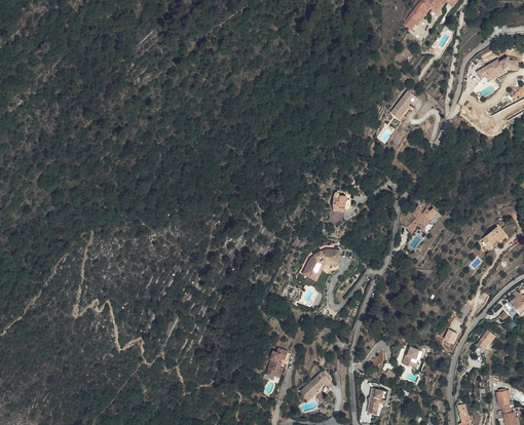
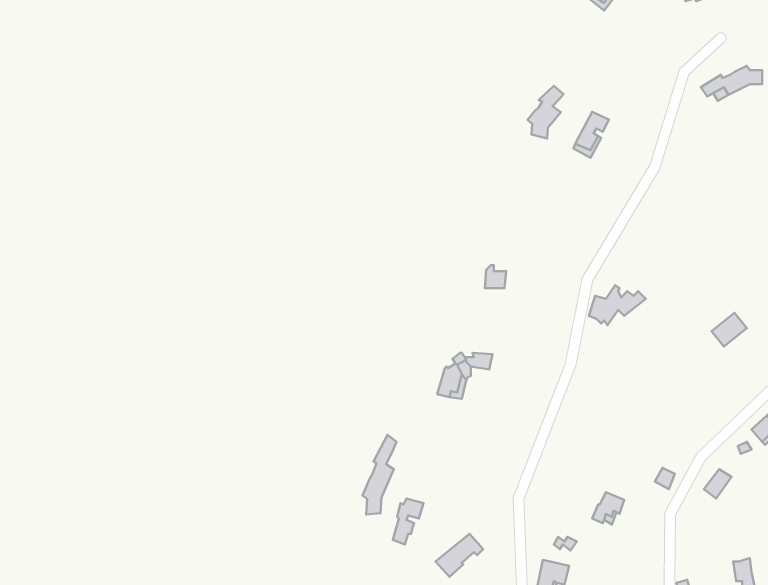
building: none -> [527,86,564,139]
building: none -> [362,435,397,514]

